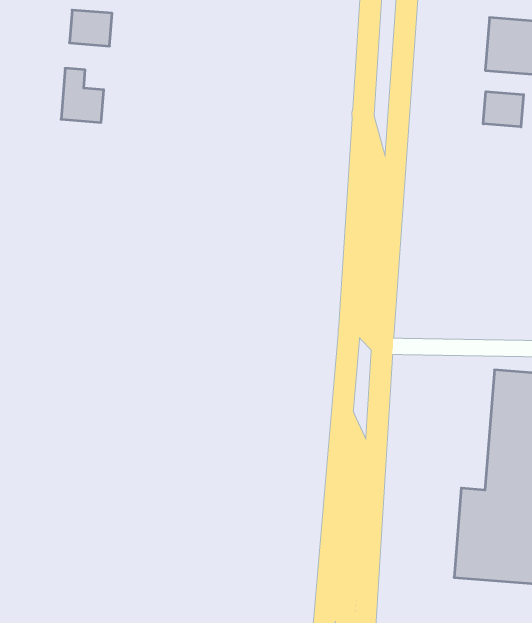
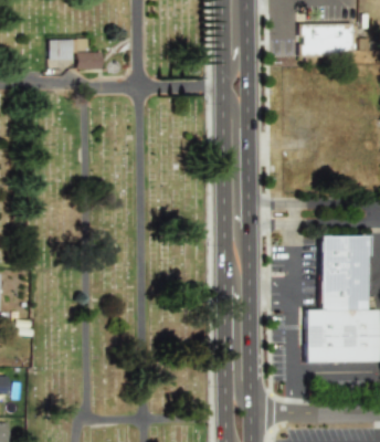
building: [61,68,104,122] -> [78,39,103,70]
building: [483,92,524,127] -> none

